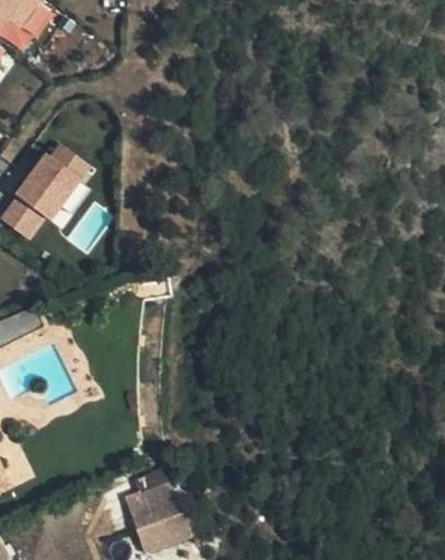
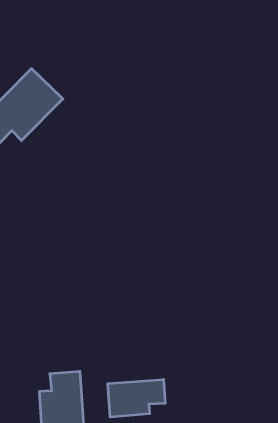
building: none -> [108,379,165,417]

